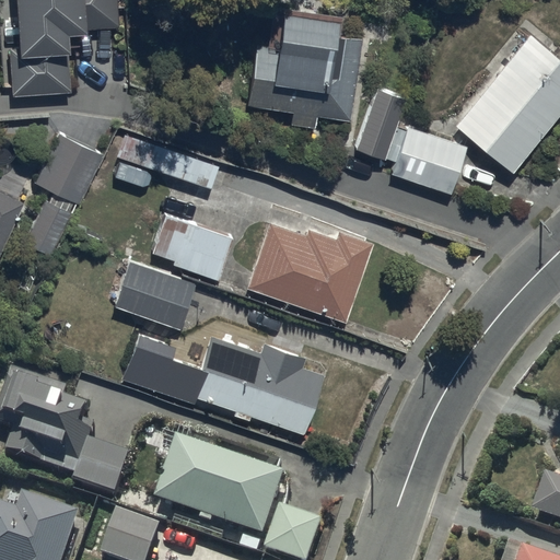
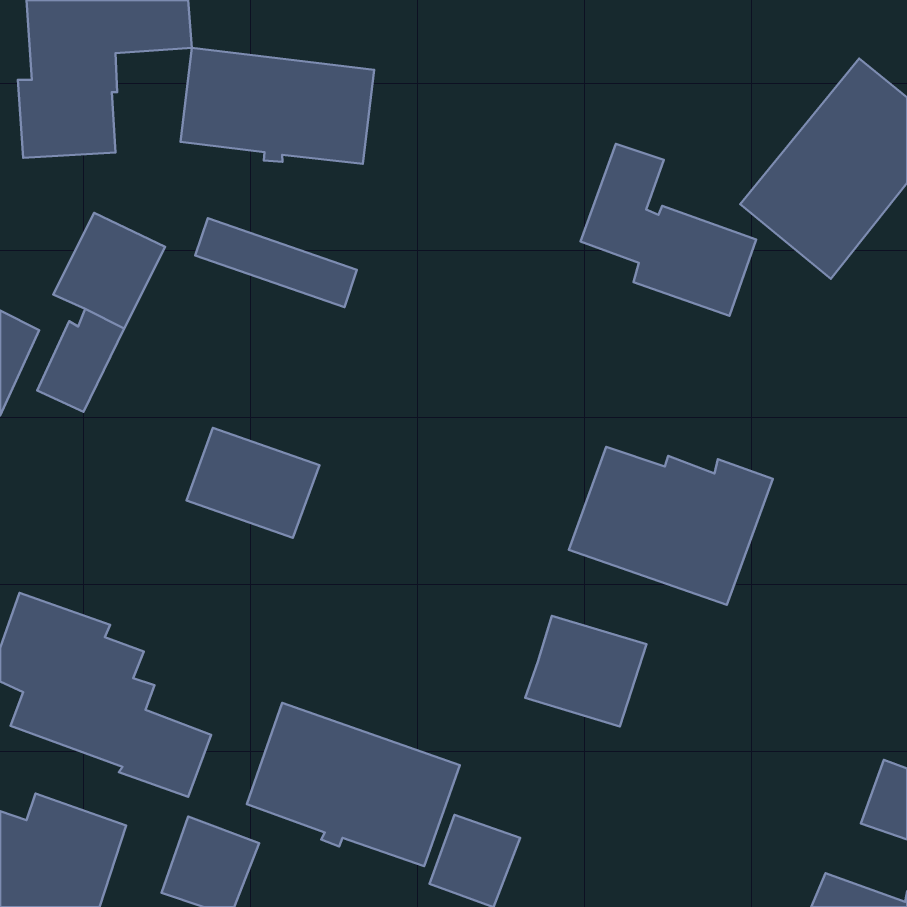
building: [250,11,363,128] -> none
building: none -> [181,48,374,164]
building: [154,215,233,280] -> none
building: [247,224,373,322] -> [569,447,773,605]
building: [120,334,326,435] -> none
building: none -> [525,616,646,726]

